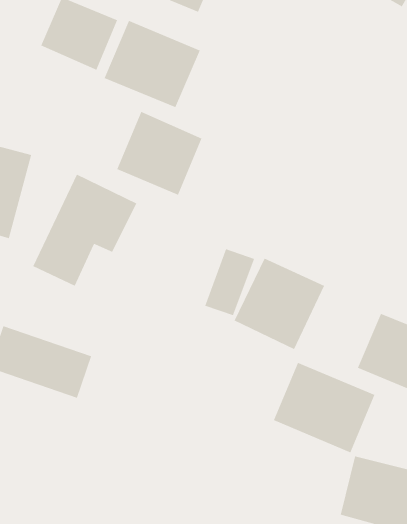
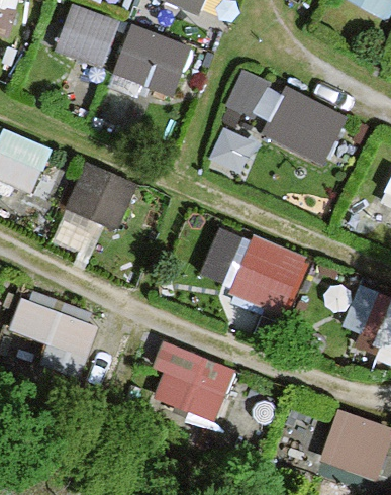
building: none -> [223,66,349,162]
building: [116,111,202,196] -> none
building: [273,362,376,453] -> [149,343,240,425]

